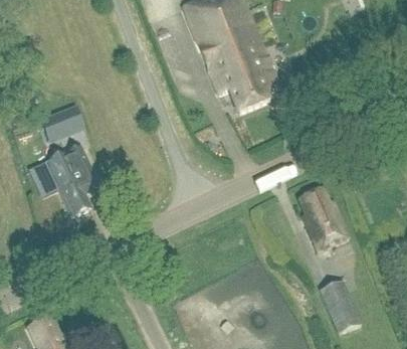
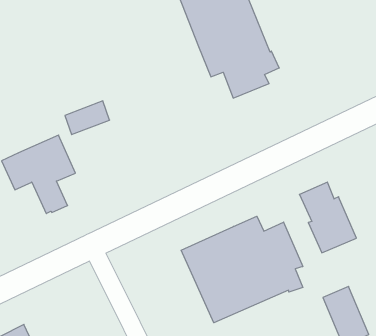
building: [41,107,81,137] -> [65,101,110,135]
building: none -> [181,216,303,323]

